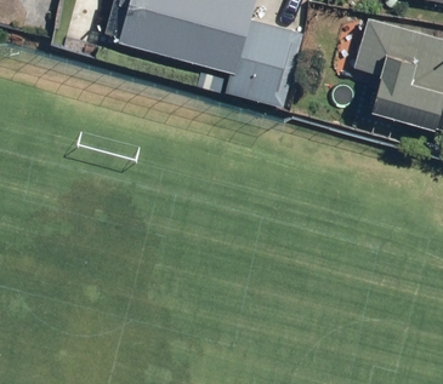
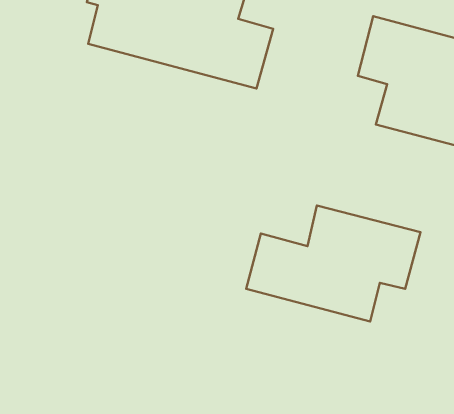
building: none -> [246,206,420,321]

